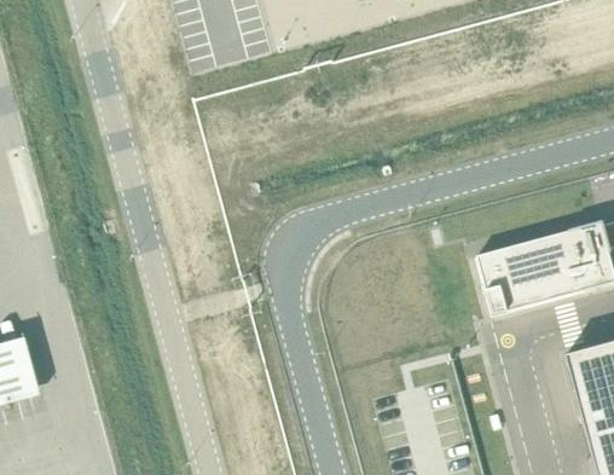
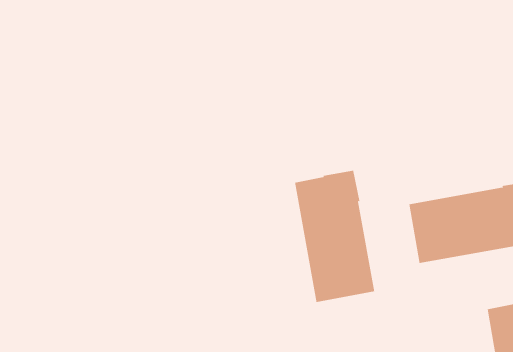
building: none -> [294,170,375,303]

